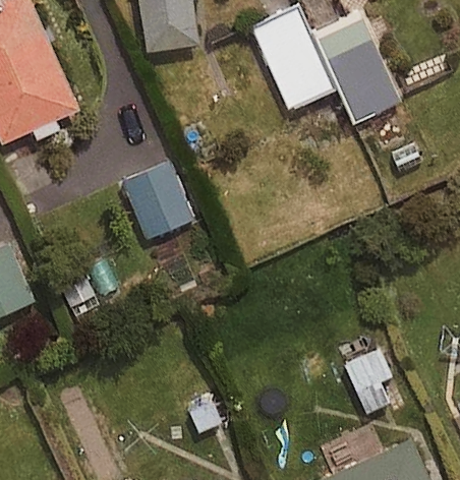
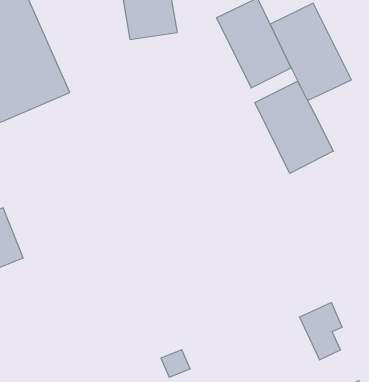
building: none -> [255,81,333,173]
building: [119,163,190,242] -> none

